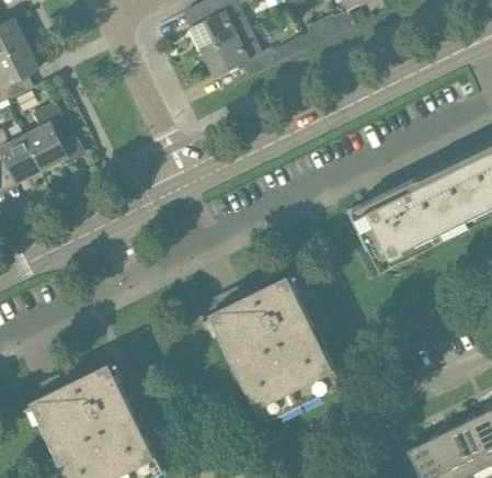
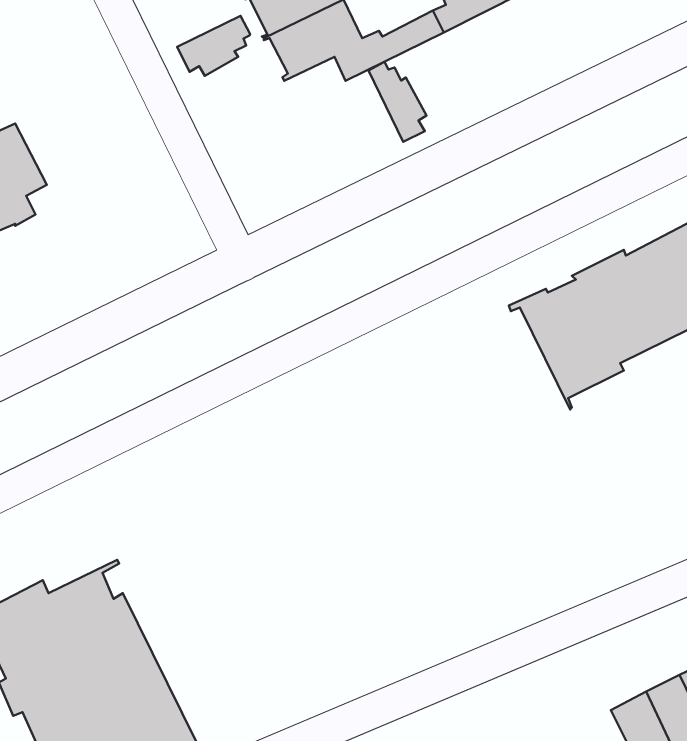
building: none -> [177,16,250,76]
building: none -> [368,62,427,142]
building: [203,274,341,423] -> none

